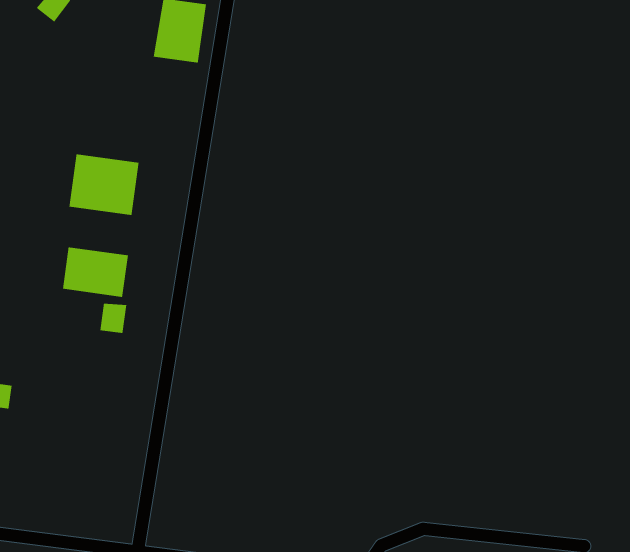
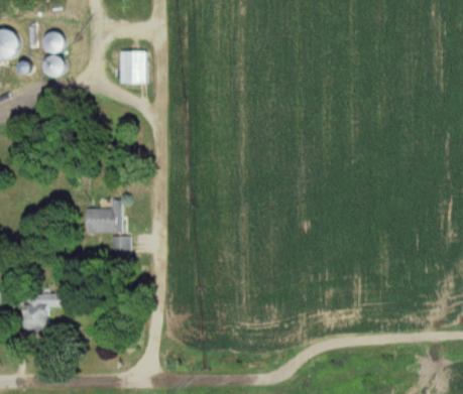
building: [69,154,139,216] -> none

